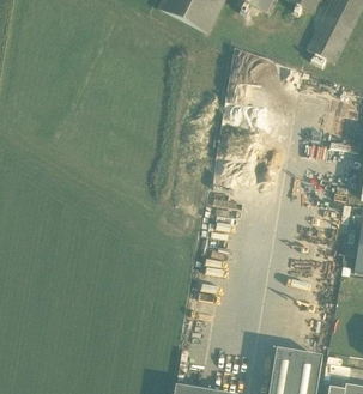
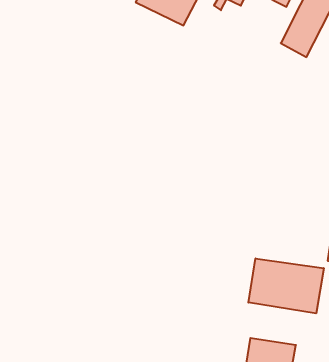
building: none -> [248,258,324,313]

